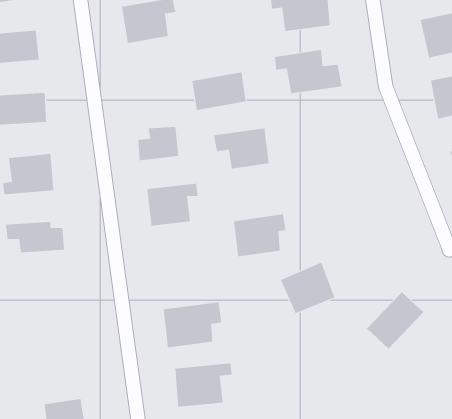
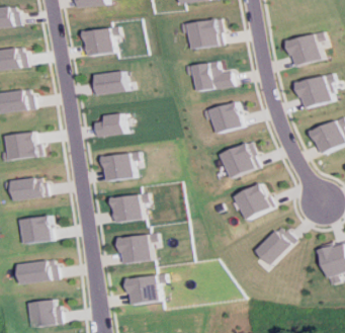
building: [192,72,247,110] -> [89,70,126,96]
building: [213,128,270,169] -> [203,103,242,132]
building: none -> [220,143,257,177]
building: [233,214,287,257] -> [107,193,144,223]
building: [280,262,335,314] -> [232,183,269,219]
building: none -> [21,216,53,244]
building: none -> [20,260,57,283]

